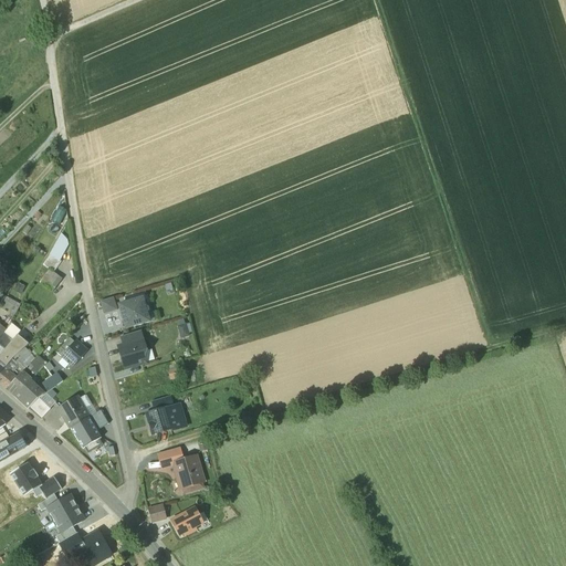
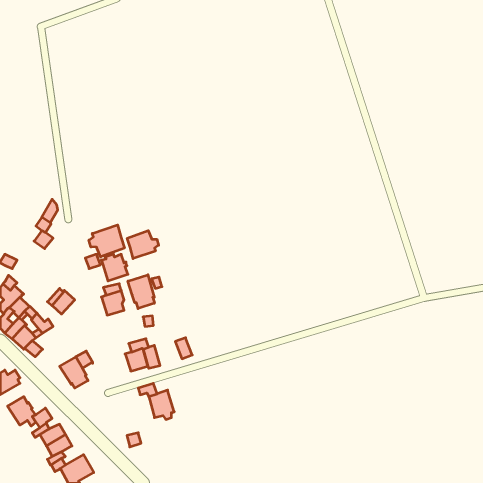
building: none -> [89,225,124,257]
building: none -> [127,231,159,259]
building: none -> [128,275,154,309]
building: [59,397,90,427] -> none
building: [172,507,203,534] -> none

